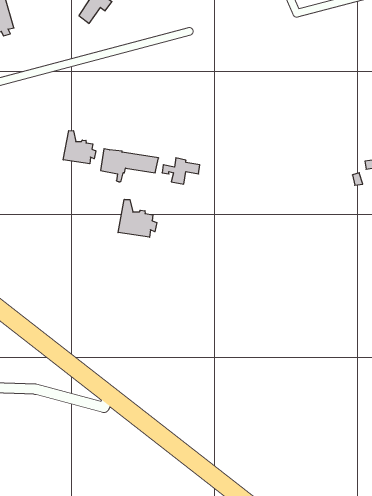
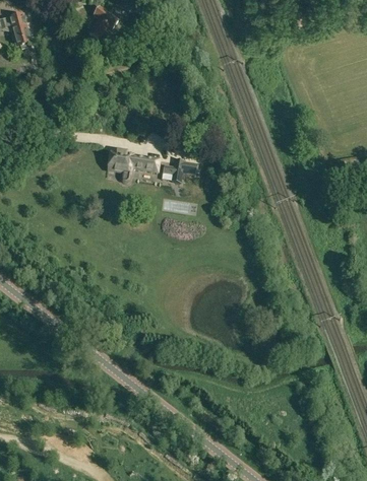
building: [63,131,96,164] -> none
building: [118,199,157,237] -> none

